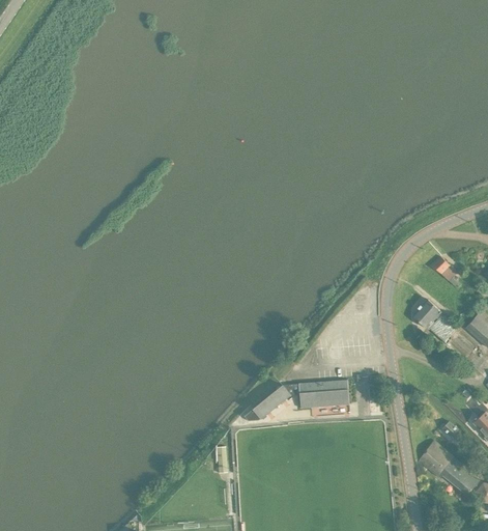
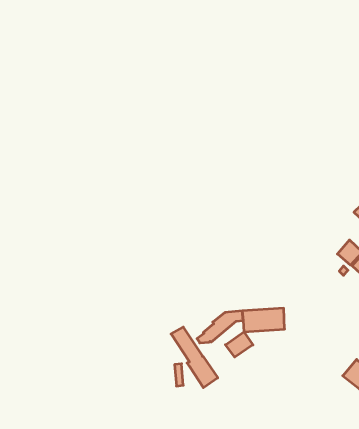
building: none -> [171,327,218,388]
building: none -> [225,332,253,357]

